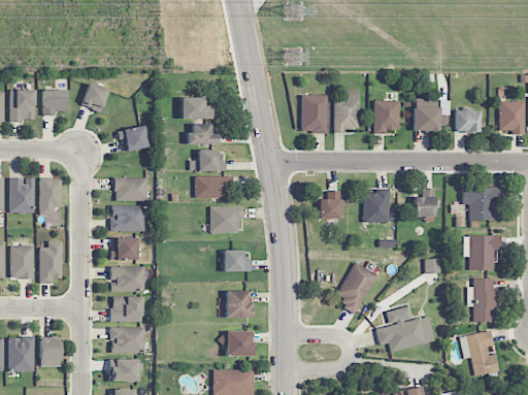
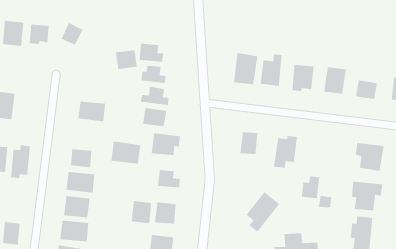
building: [119,125,148,153] -> [115,49,137,70]
building: [39,178,61,215] -> none
building: [414,189,434,217] -> [301,176,320,199]
building: [110,205,145,231] -> [111,141,141,165]
building: none -> [131,200,152,224]

